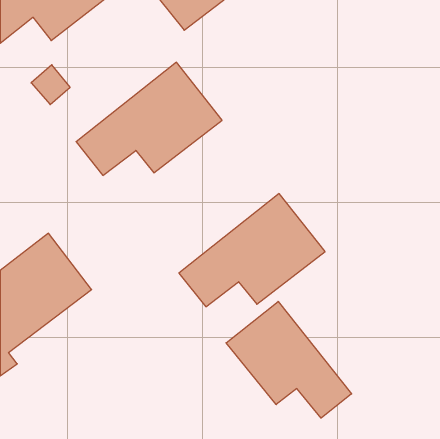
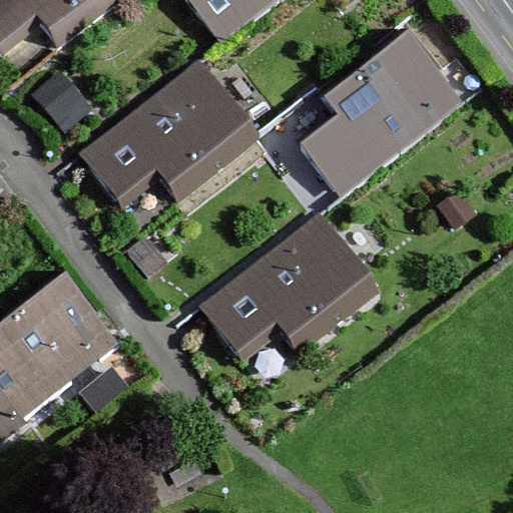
building: none -> [304,29,452,187]
building: [226,301,352,418] -> none

